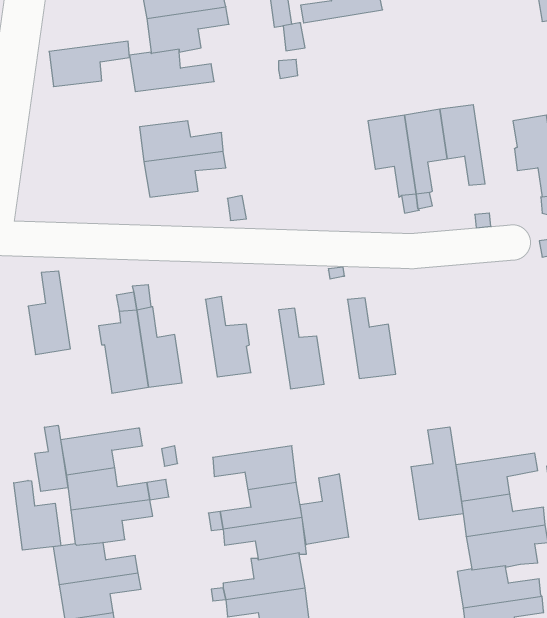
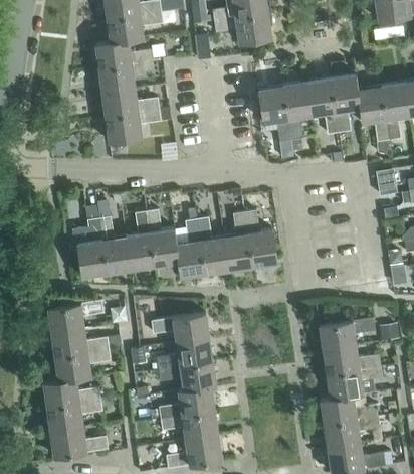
building: none -> [214,13,272,43]
building: [49,41,130,87] -> [98,62,154,94]
building: none -> [331,74,361,133]
building: [28,271,70,355] -> [126,212,155,270]
building: none -> [223,212,252,271]
building: none -> [175,219,205,278]
building: [35,425,68,491] -> none
building: [411,427,463,520] -> none
building: [300,474,349,545] -> none
building: [14,480,61,550] -> none

